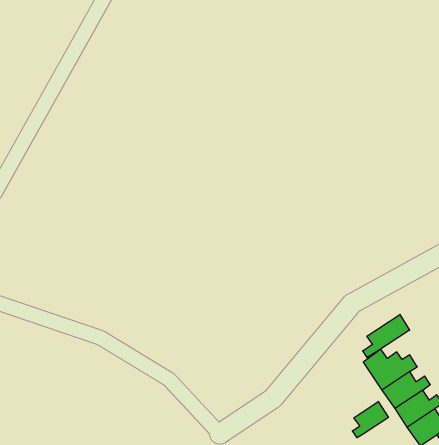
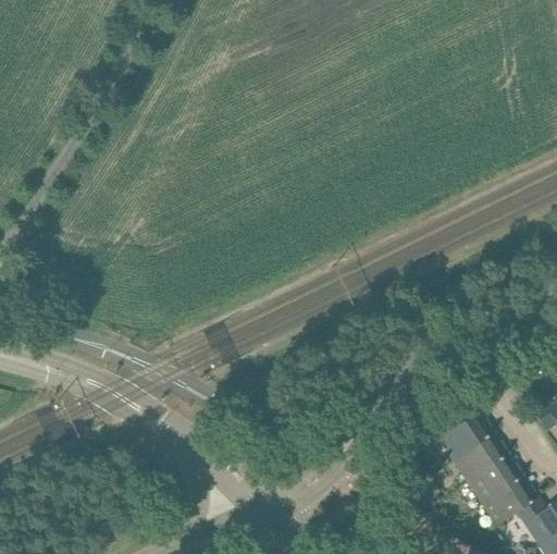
building: [363,314,410,358] -> none
building: [352,401,388,438] -> none

